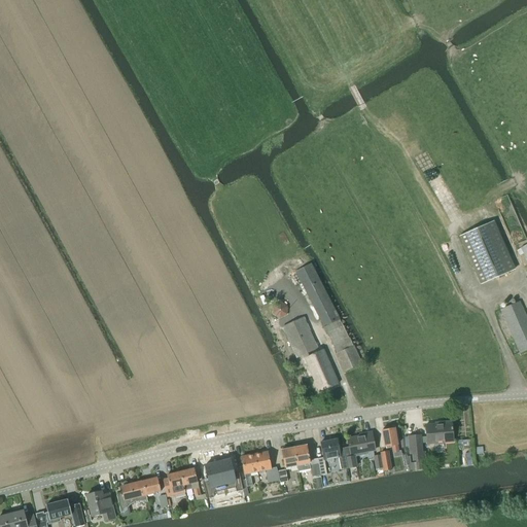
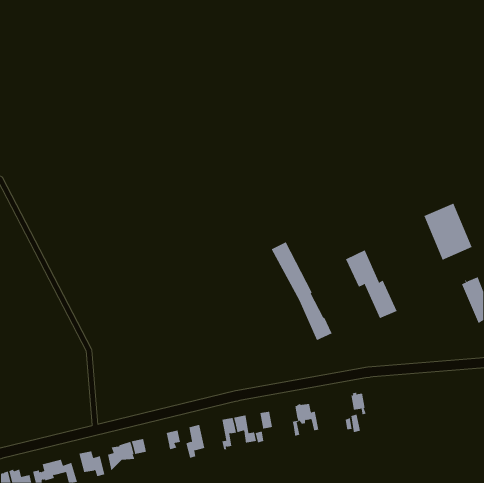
building: [282,316,339,391] -> [345,250,397,319]
building: [409,421,453,460] -> none
building: [344,431,375,467] -> none
building: [293,445,320,476] -> none
building: [217,458,243,491] -> none
building: [163,470,185,496] -> none

